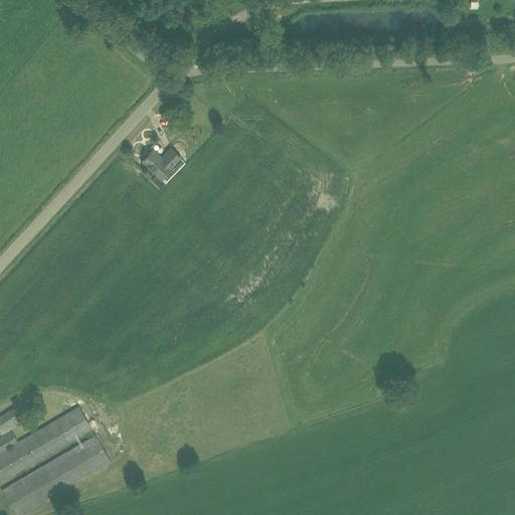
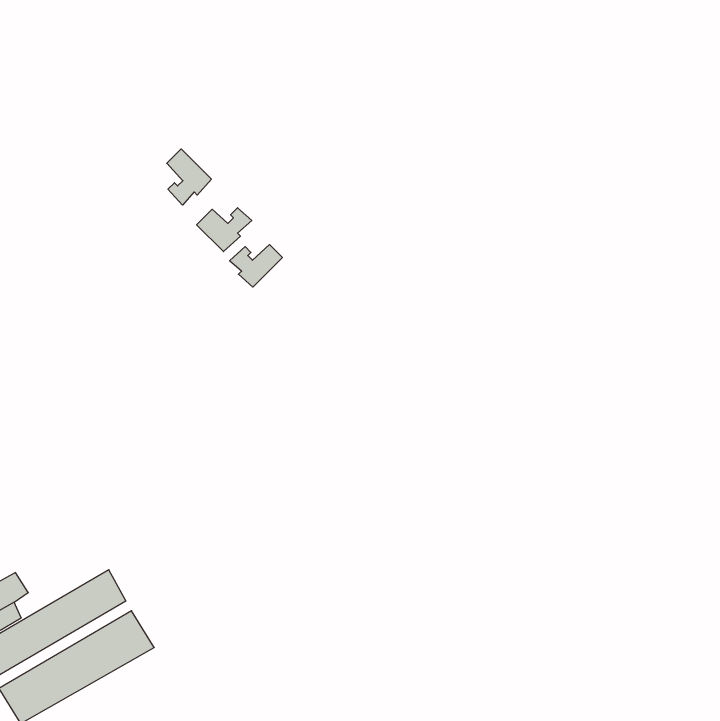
building: none -> [167,149,211,205]
building: none -> [230,245,282,287]

